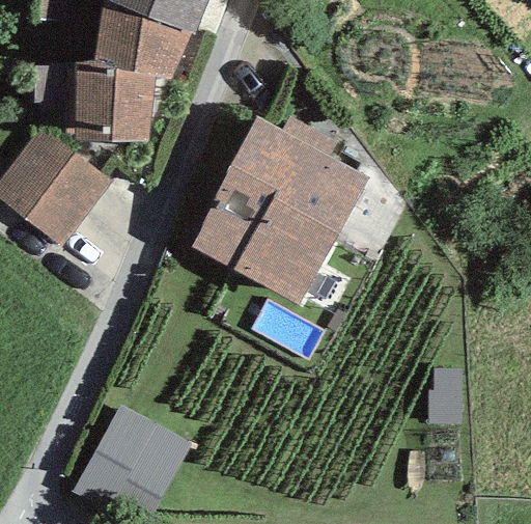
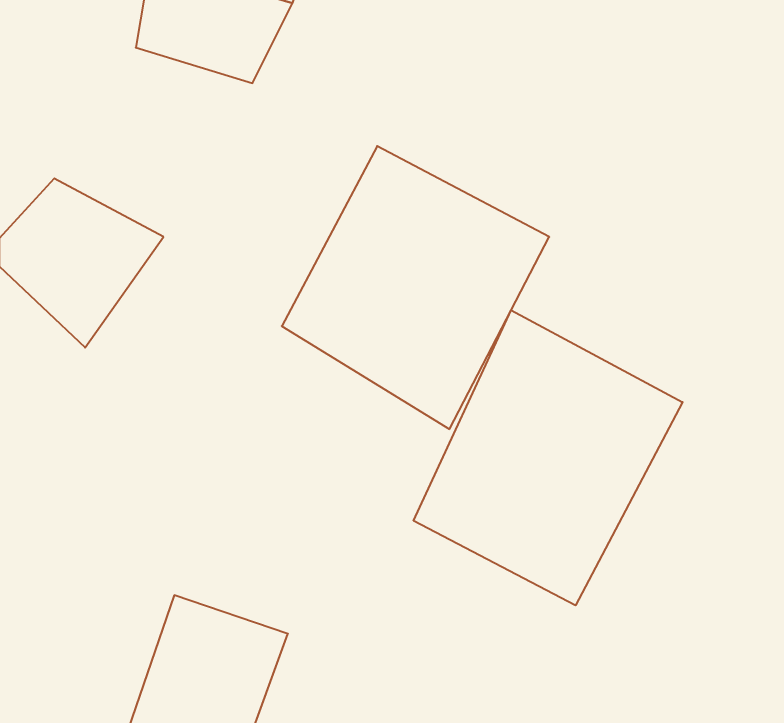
building: [73,47,150,134] -> none
building: none -> [414,310,683,605]

